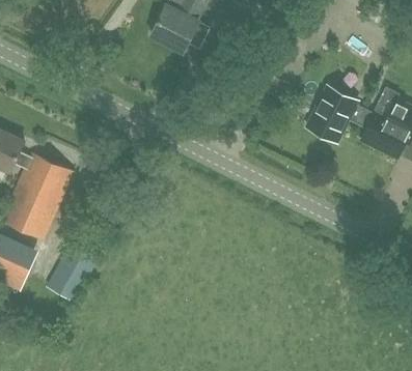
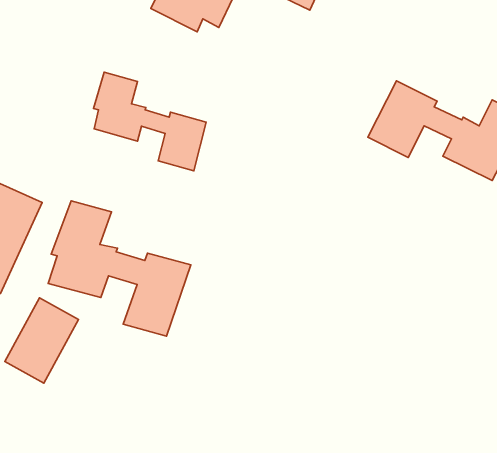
building: none -> [93,72,206,171]
building: none -> [48,201,191,336]

